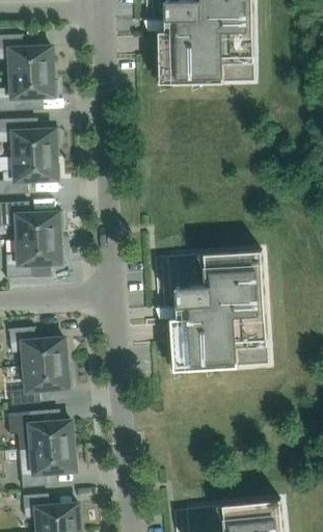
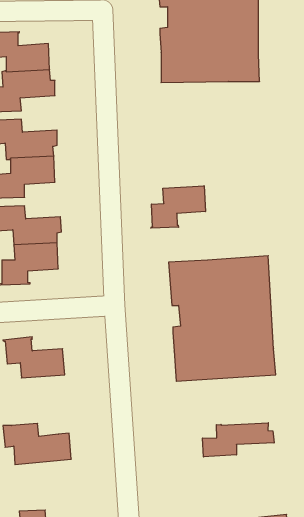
building: none -> [151,186,205,228]
building: [10,364,69,405] -> none
building: none -> [203,423,274,457]
building: [19,445,75,487] -> none

